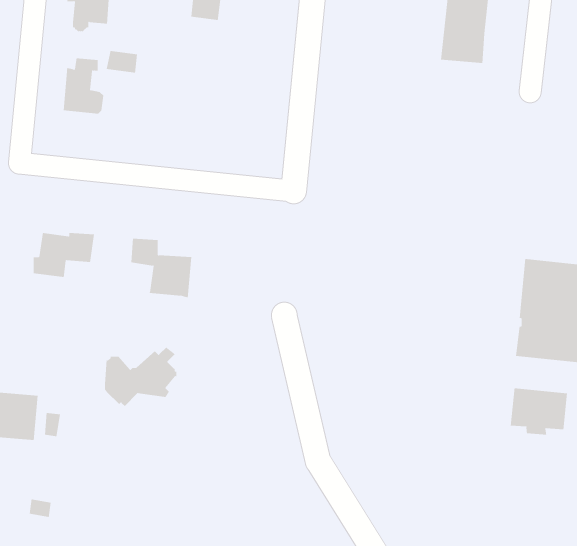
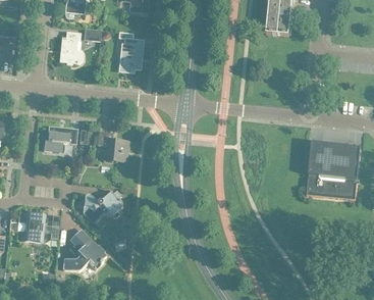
building: none -> [118,32,142,72]
building: [510,387,567,435] -> none
building: none -> [62,228,109,270]

